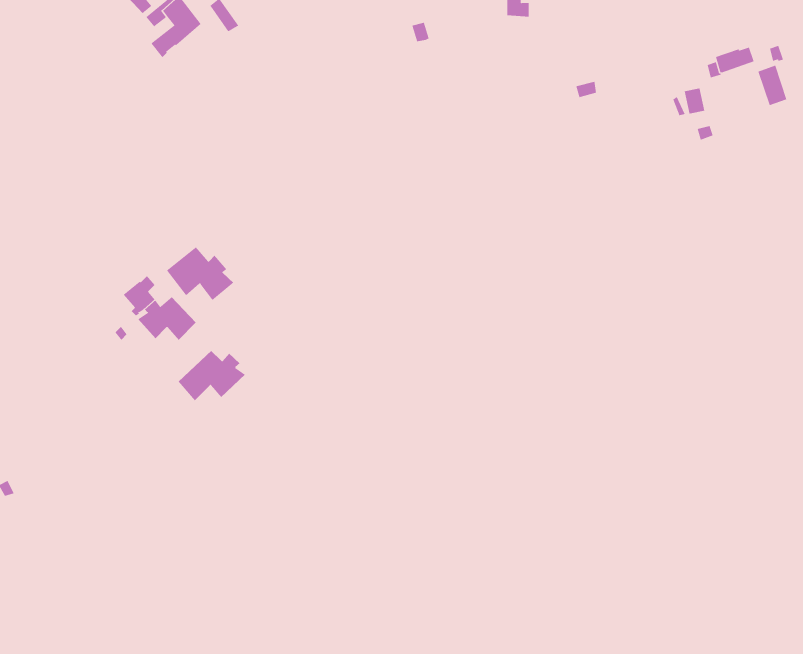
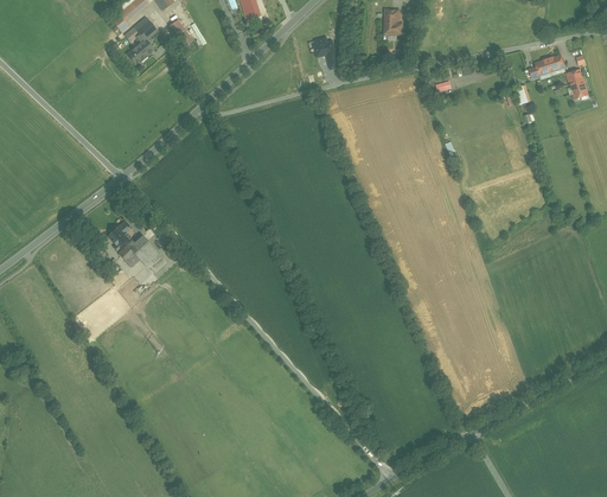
building: [166,246,234,301] -> none
building: [178,350,246,401] -> none

